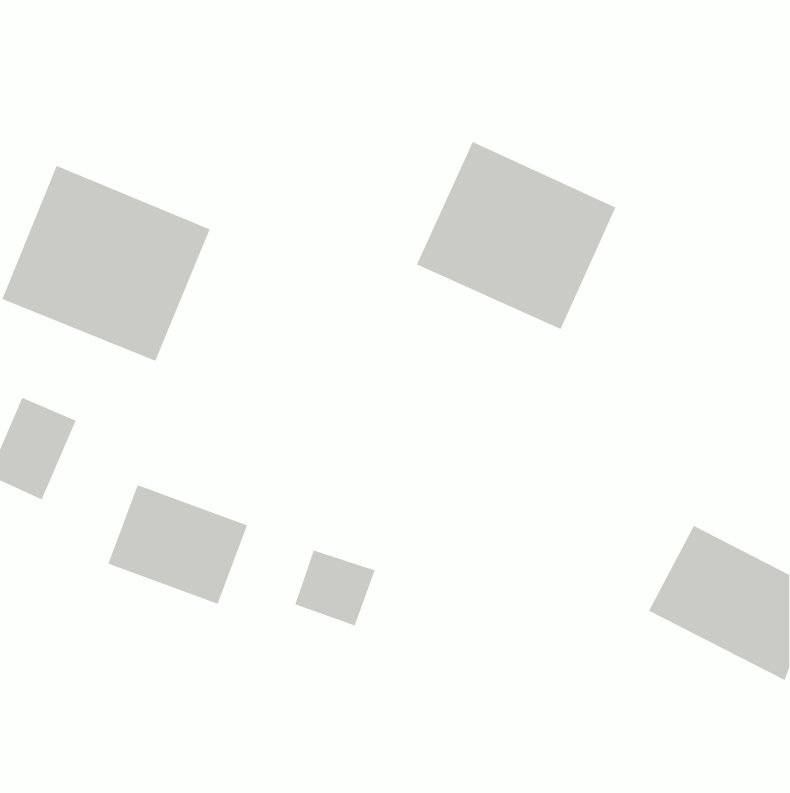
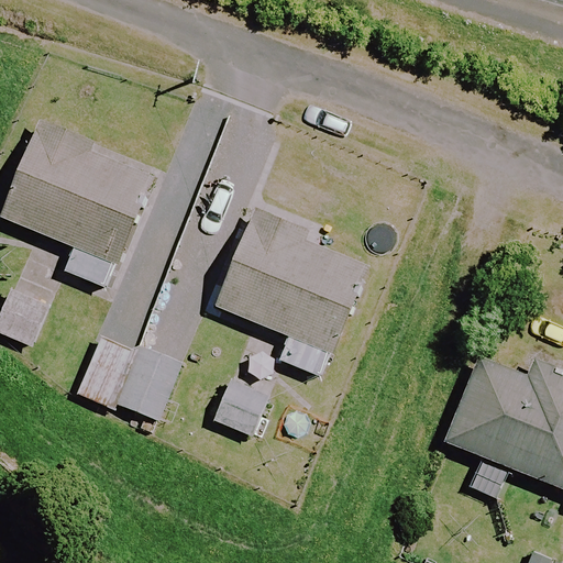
building: [416,141,616,330] -> none
building: none -> [214,219,371,344]

